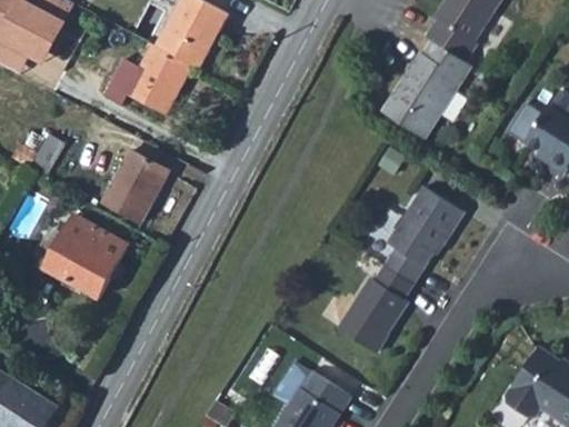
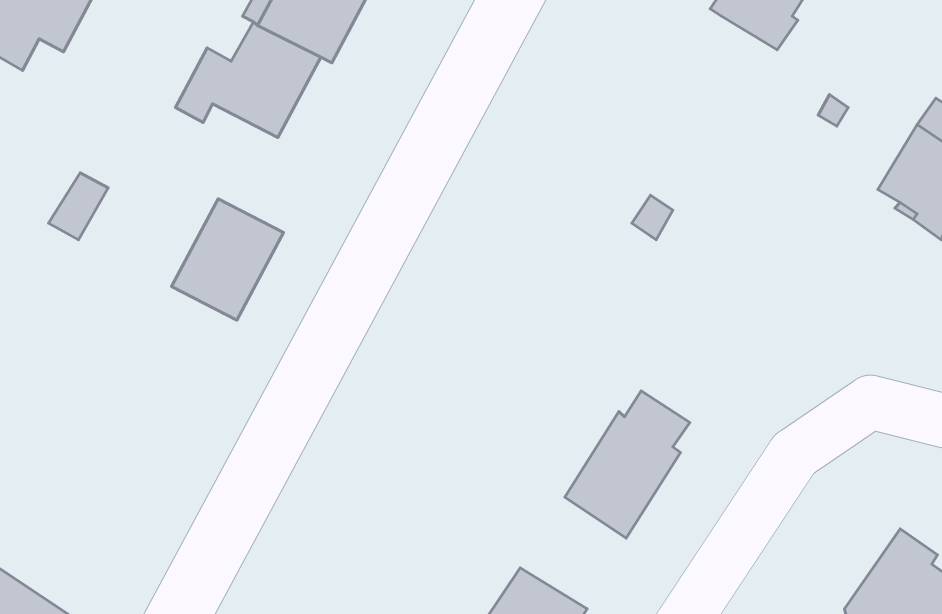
building: [381,41,470,139] -> none
building: [383,187,462,284] -> none
building: [47,216,128,297] -> none

